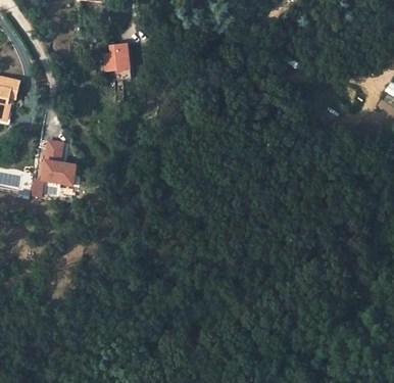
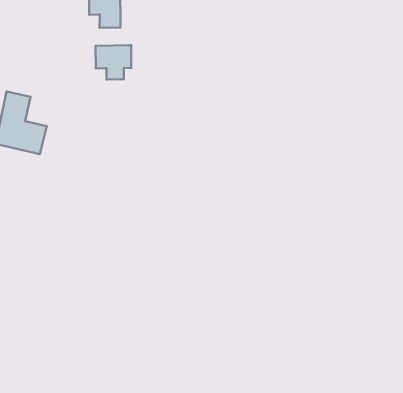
building: none -> [95,45,131,80]

